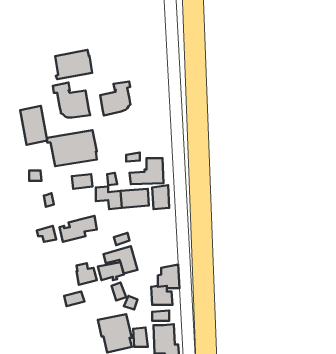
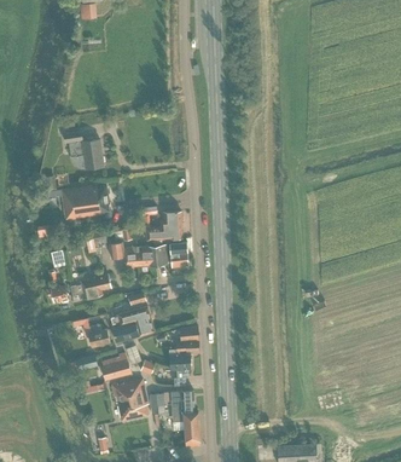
building: [55,50,92,79] -> none
building: [100,81,130,115] -> none
building: [20,106,47,145] -> none
building: none -> [100,352,129,380]

